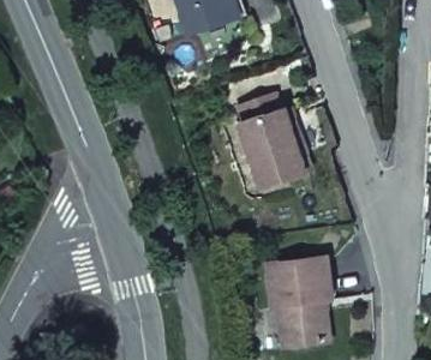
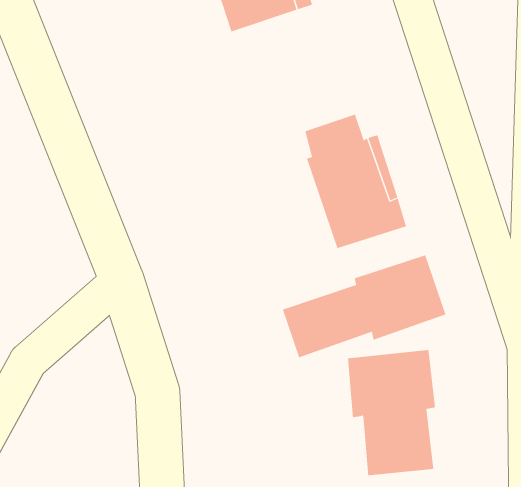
building: none -> [282,254,446,358]

